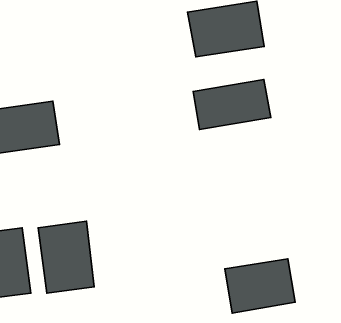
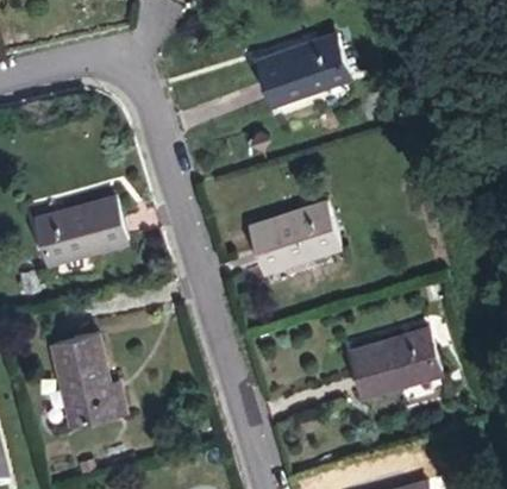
building: [193,79,271,129] -> [245,209,339,277]
building: [38,221,94,293] -> none

